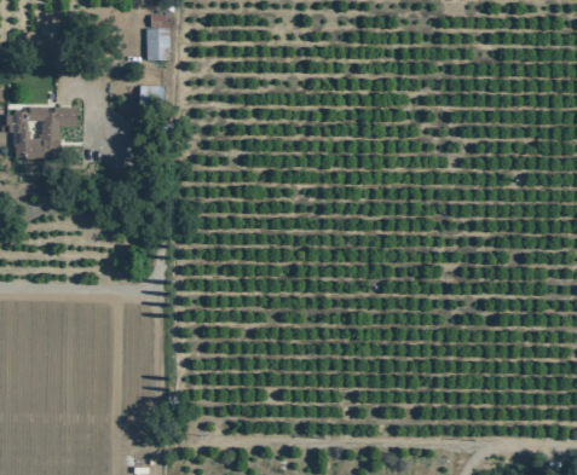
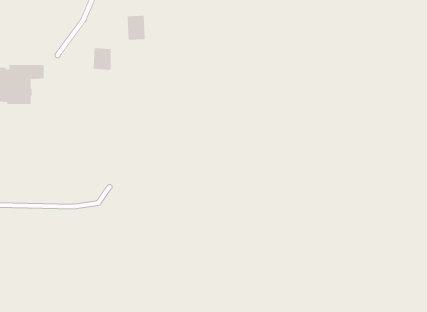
building: [146,28,171,60] -> [127,15,146,40]

